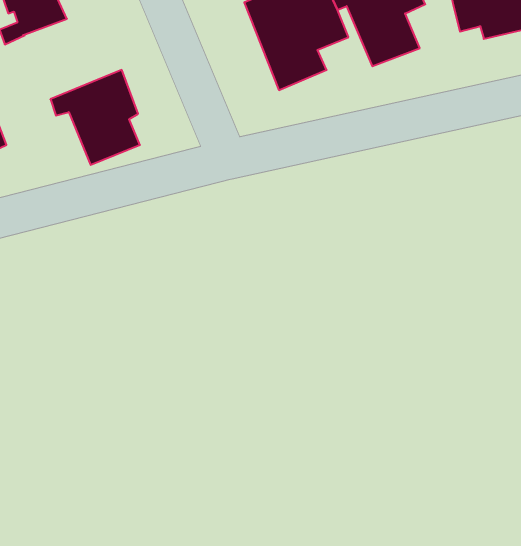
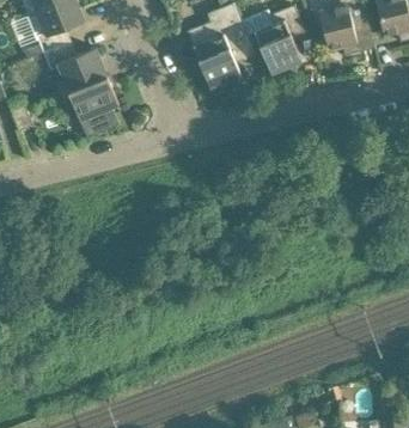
building: none -> [43,42,108,94]

